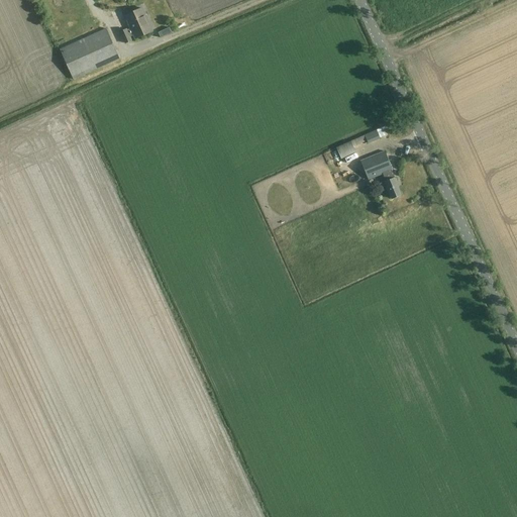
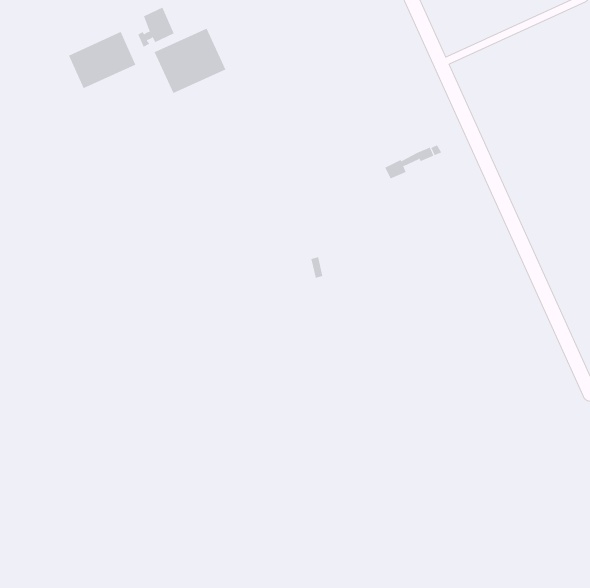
building: none -> [154,28,226,94]
building: [360,149,401,197] -> none

